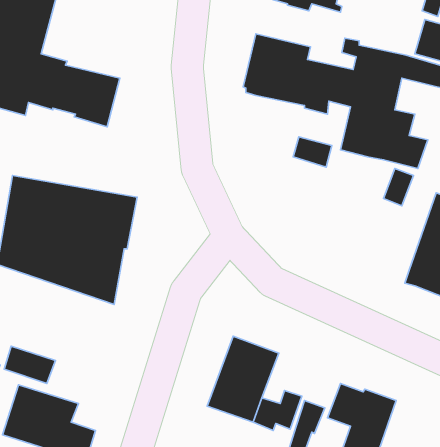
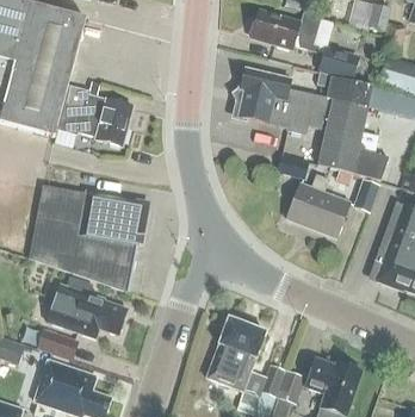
building: none -> [321,46,358,75]
building: none -> [286,175,351,237]
building: none -> [45,276,126,338]

